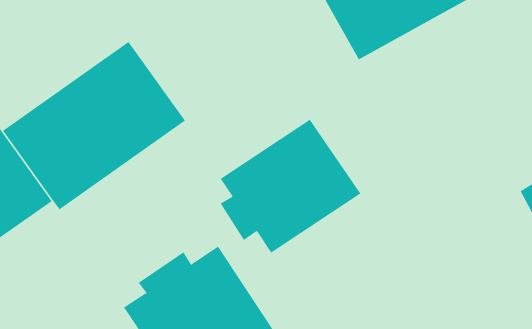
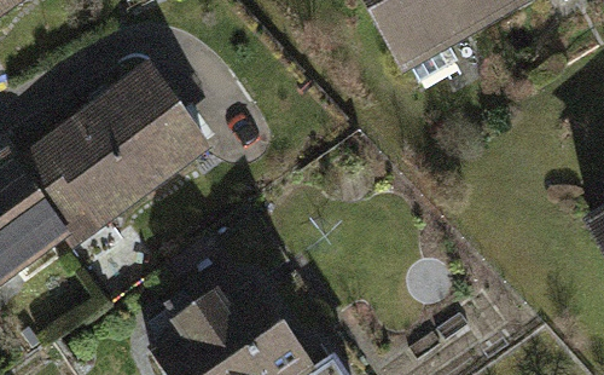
building: [220,119,361,254] -> none

